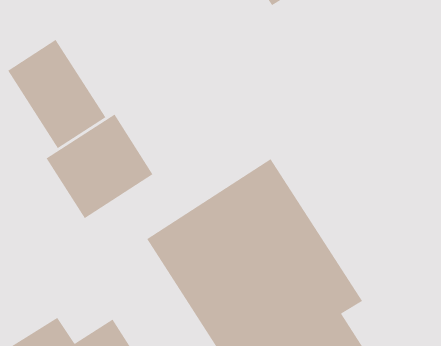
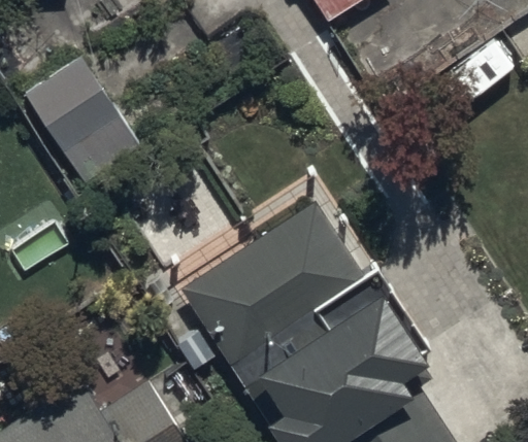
building: [46,114,154,219] -> none

